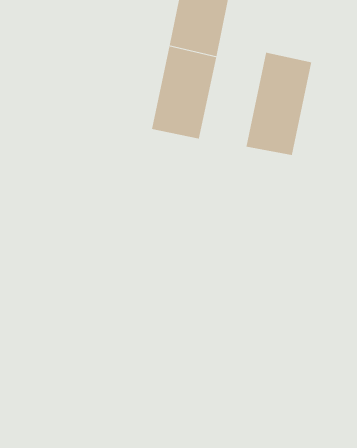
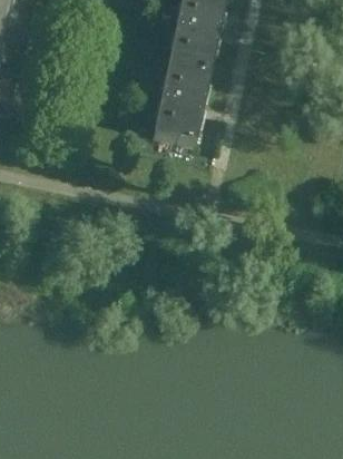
building: [246,52,312,156] -> none

